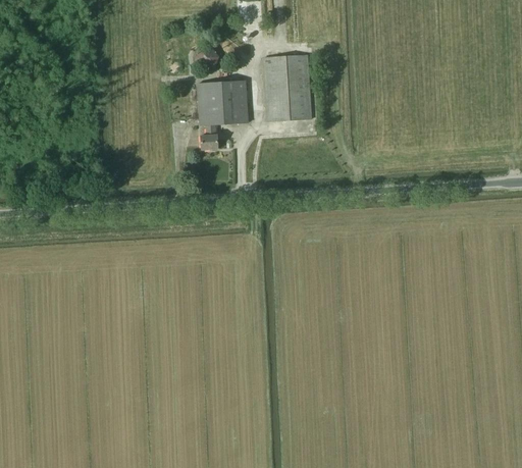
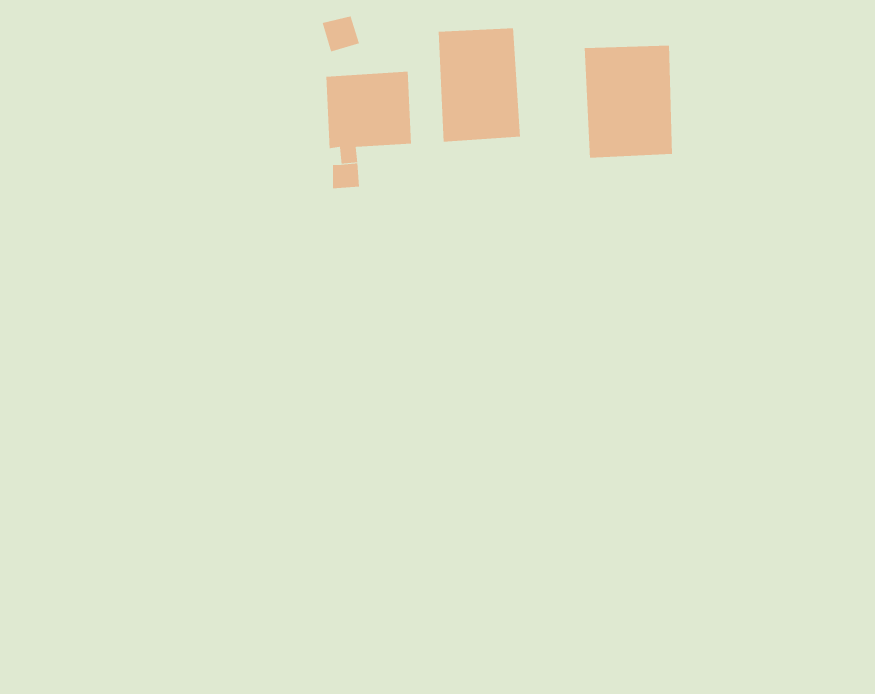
building: none -> [584,45,673,159]

